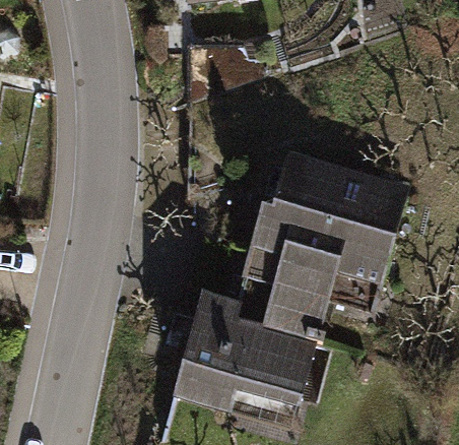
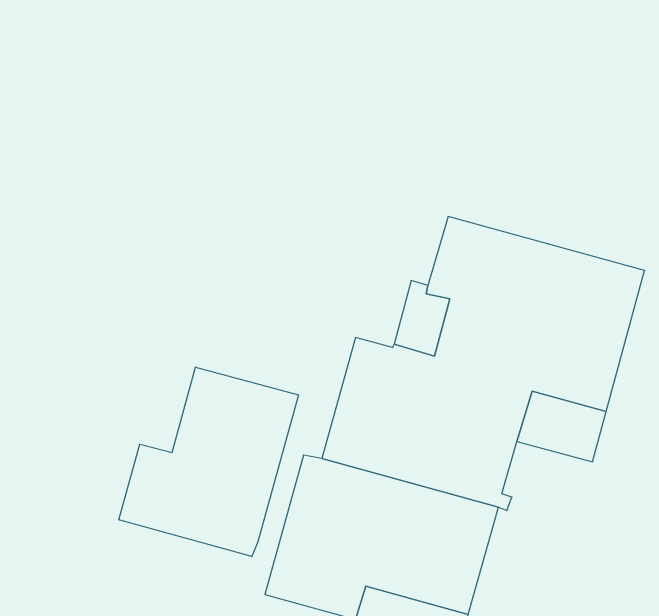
building: none -> [119,367,298,557]

